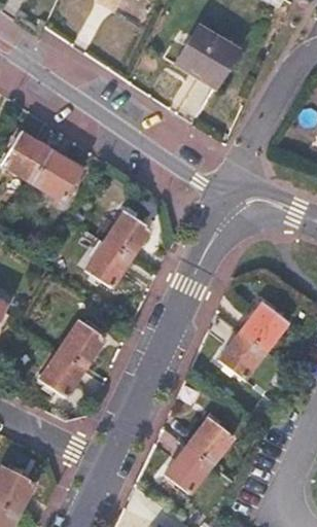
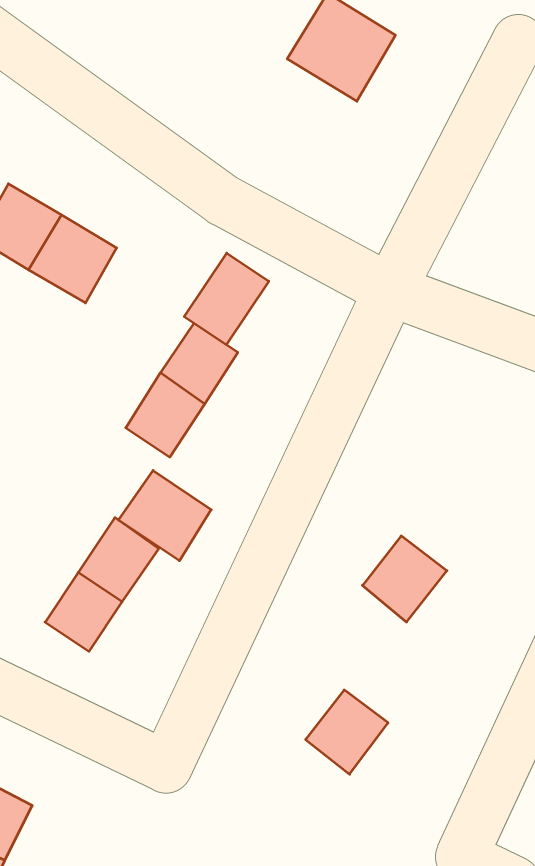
building: none -> [184,253,269,345]
building: none -> [119,470,211,561]
building: [241,304,287,351] -> none
building: [165,446,212,493] -> none

